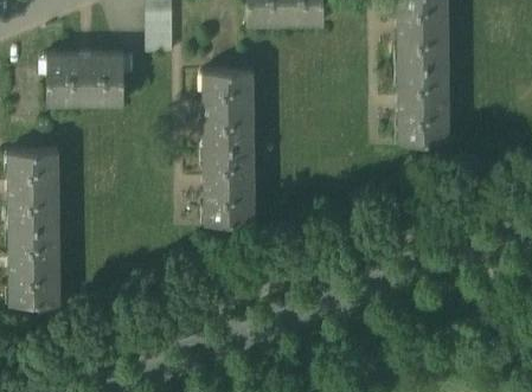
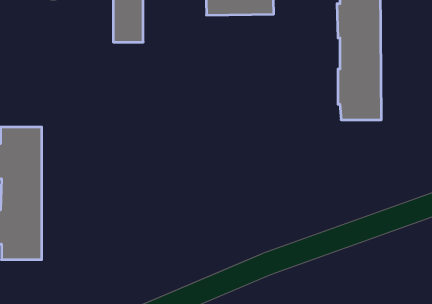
building: [47,54,124,103] -> none
building: [204,71,255,225] -> none

